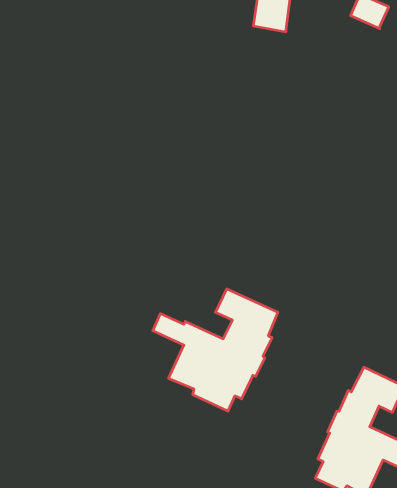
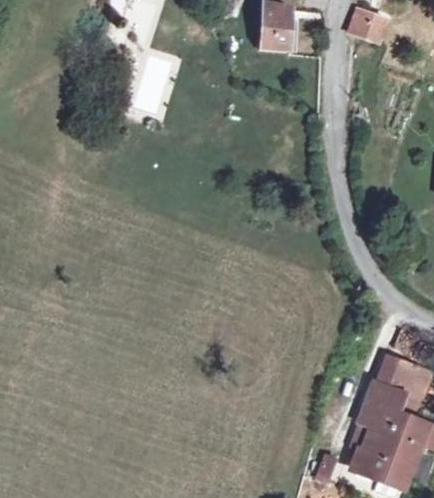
building: [153,289,278,411] -> none

